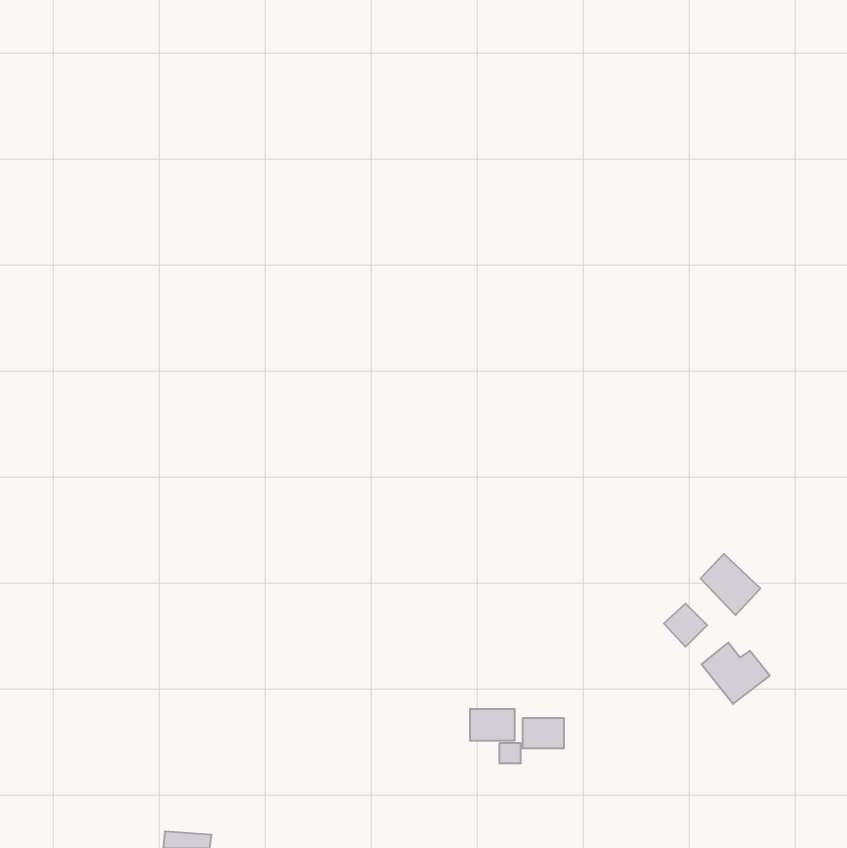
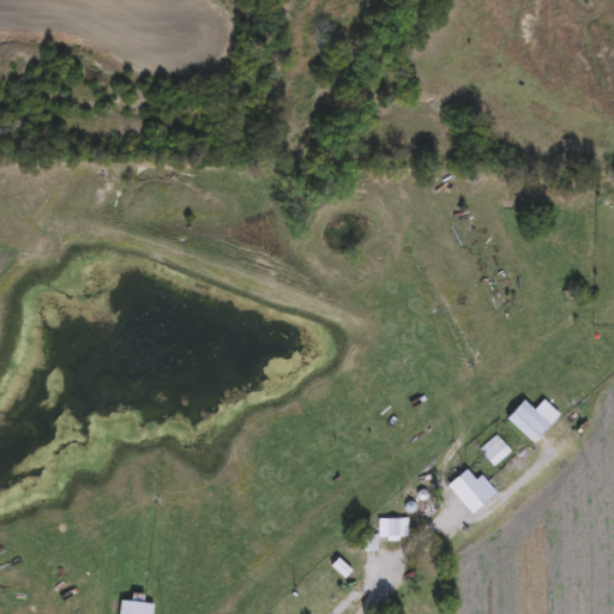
building: [702,642,770,704] -> [449,469,498,513]
building: [470,709,514,741] -> none

